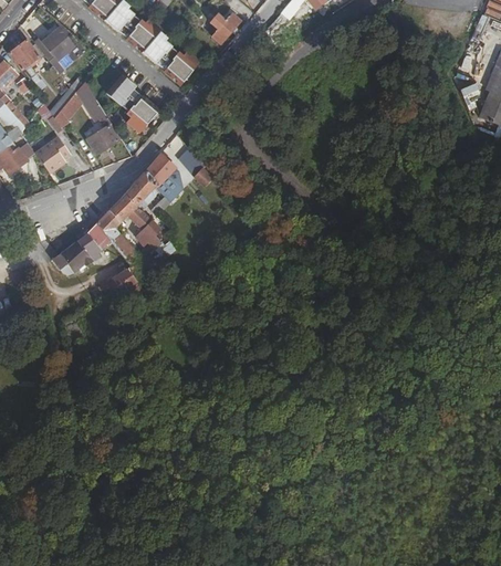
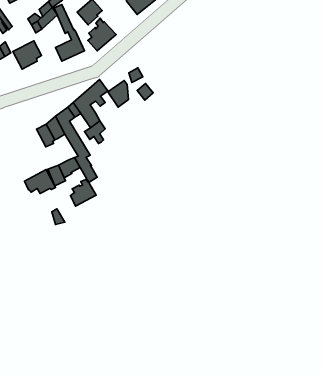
building: [145,150,175,184] -> none
building: [53,241,92,271] -> [24,170,56,193]
building: none -> [70,179,96,206]

